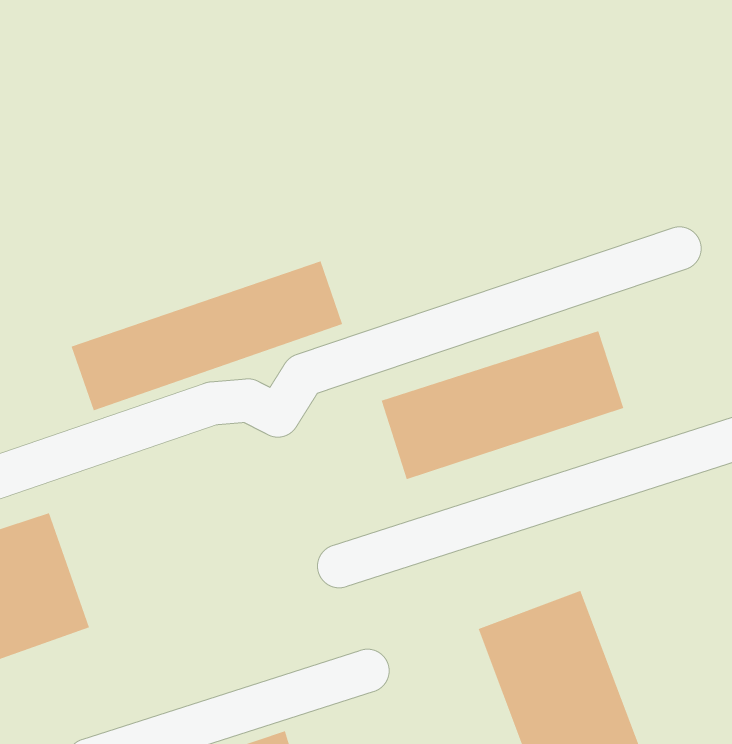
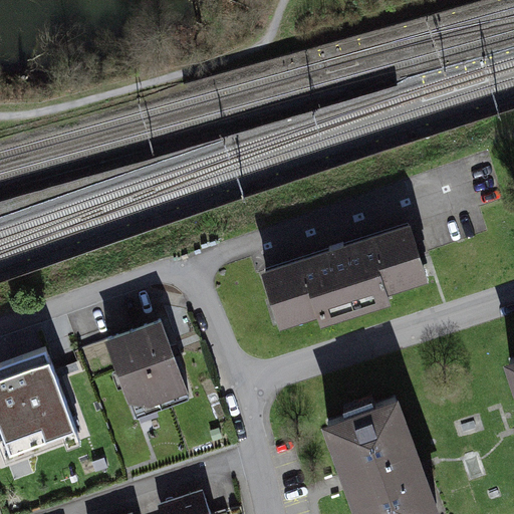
building: [71,260,343,411] -> none
building: none -> [107,322,185,412]

